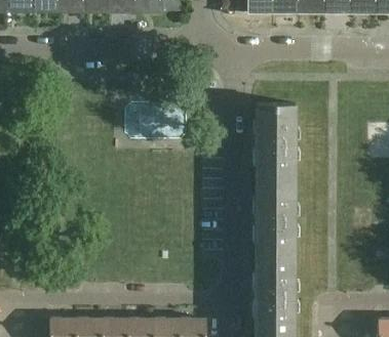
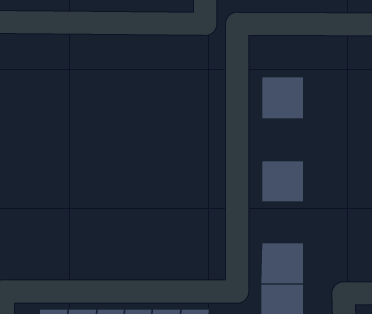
building: [255,141,294,180] -> none
building: [255,218,294,256] -> none

